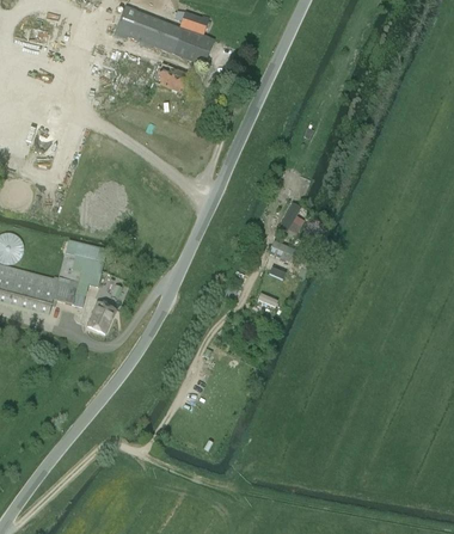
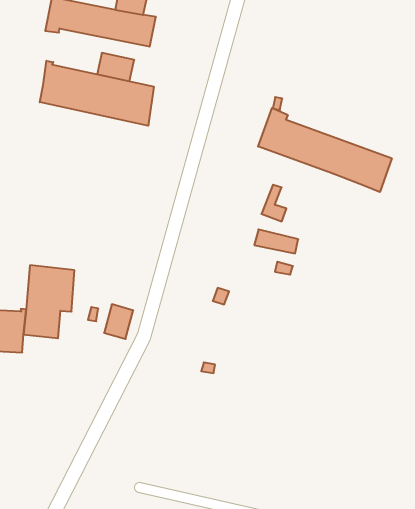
building: none -> [40,61,154,126]
building: none -> [258,108,392,192]
building: [87,300,116,332] -> [104,304,133,339]

